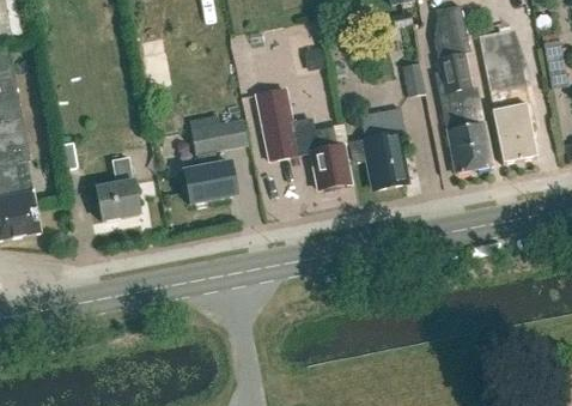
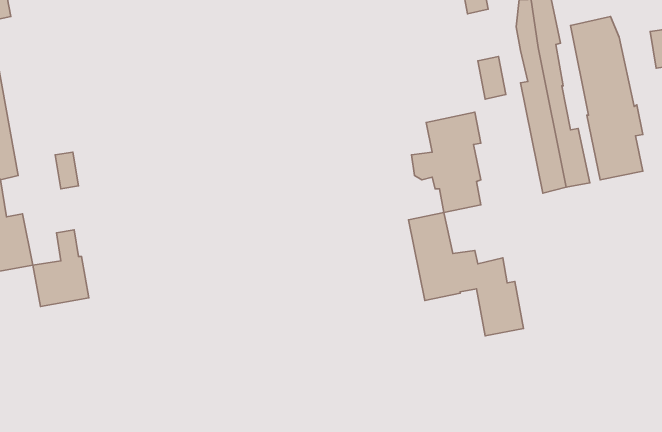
building: [257,89,351,189] -> [409,212,524,336]
building: [184,120,249,204] -> none
building: [96,158,141,220] -> [33,230,89,307]

